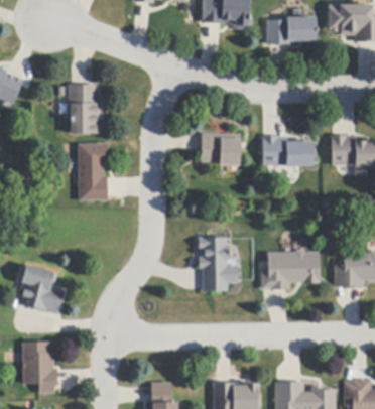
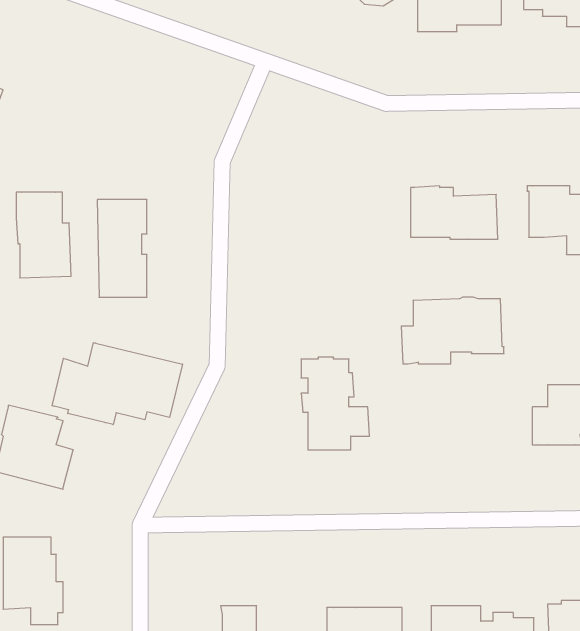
building: [70,84,102,134] -> [16,192,71,278]
building: [202,133,241,165] -> none
building: none -> [52,343,182,425]
building: [261,250,322,289] -> [401,297,504,364]

